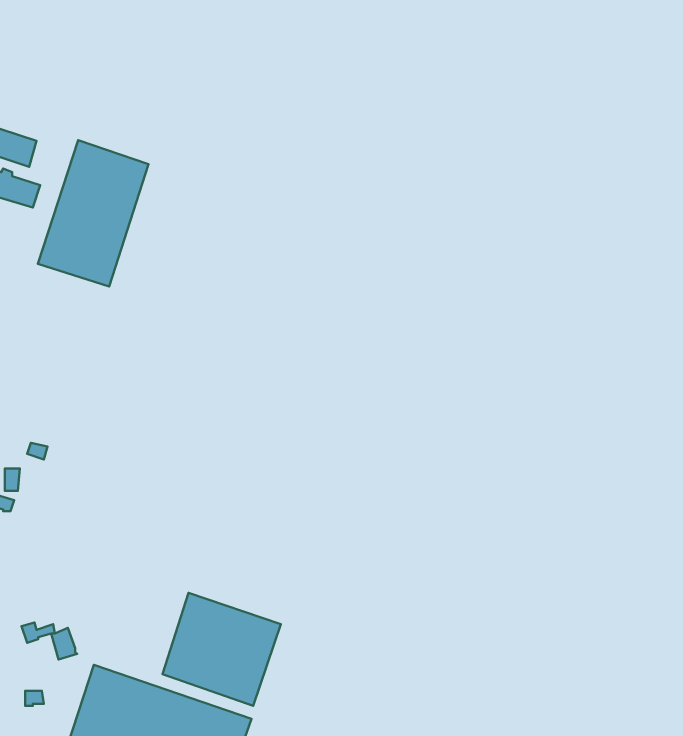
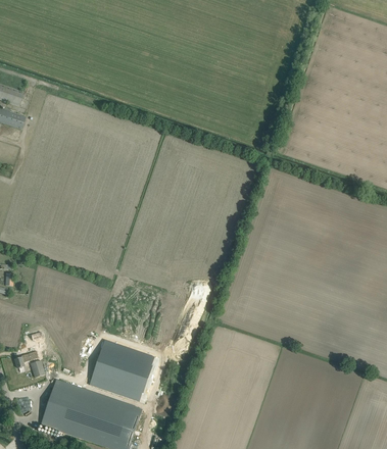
building: [38,140,149,287] -> none

